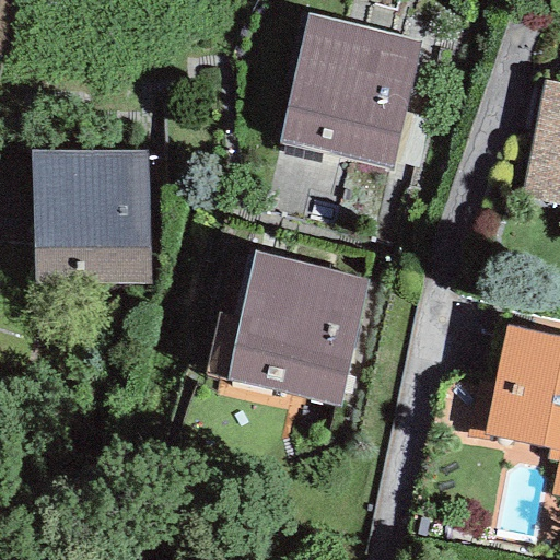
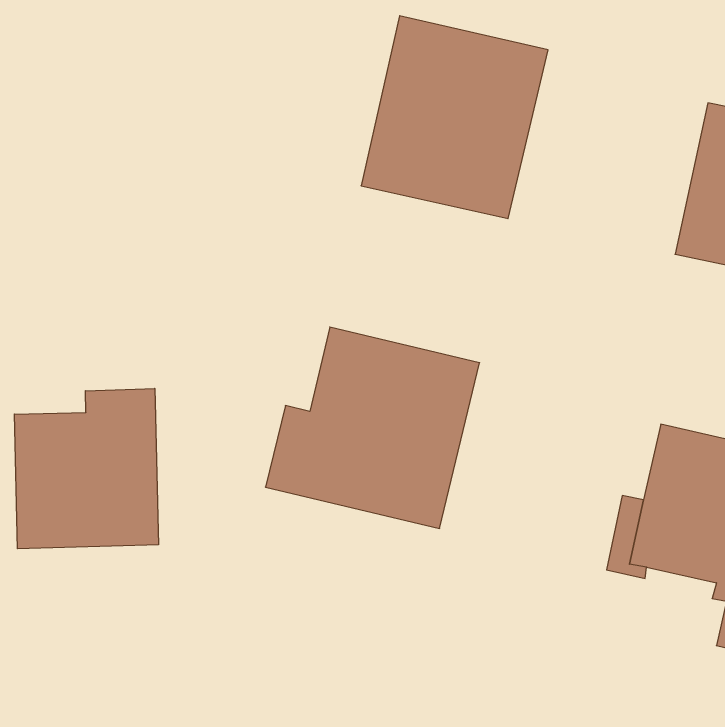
building: [33,148,152,284] -> none
building: none -> [14,388,158,549]

